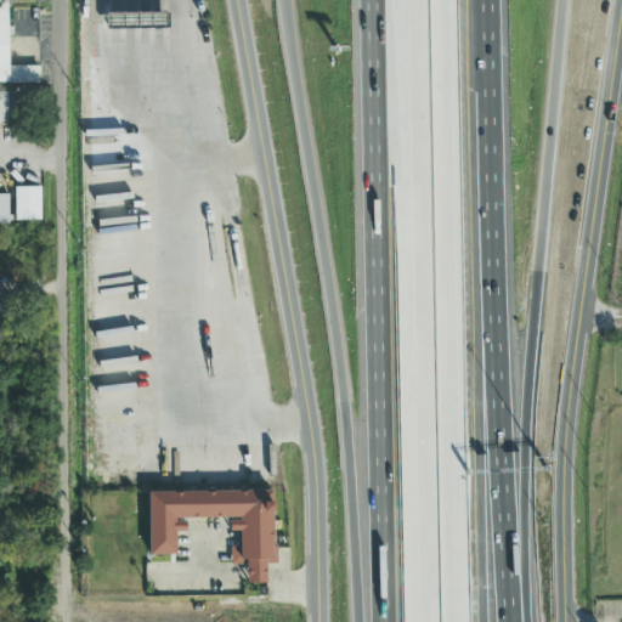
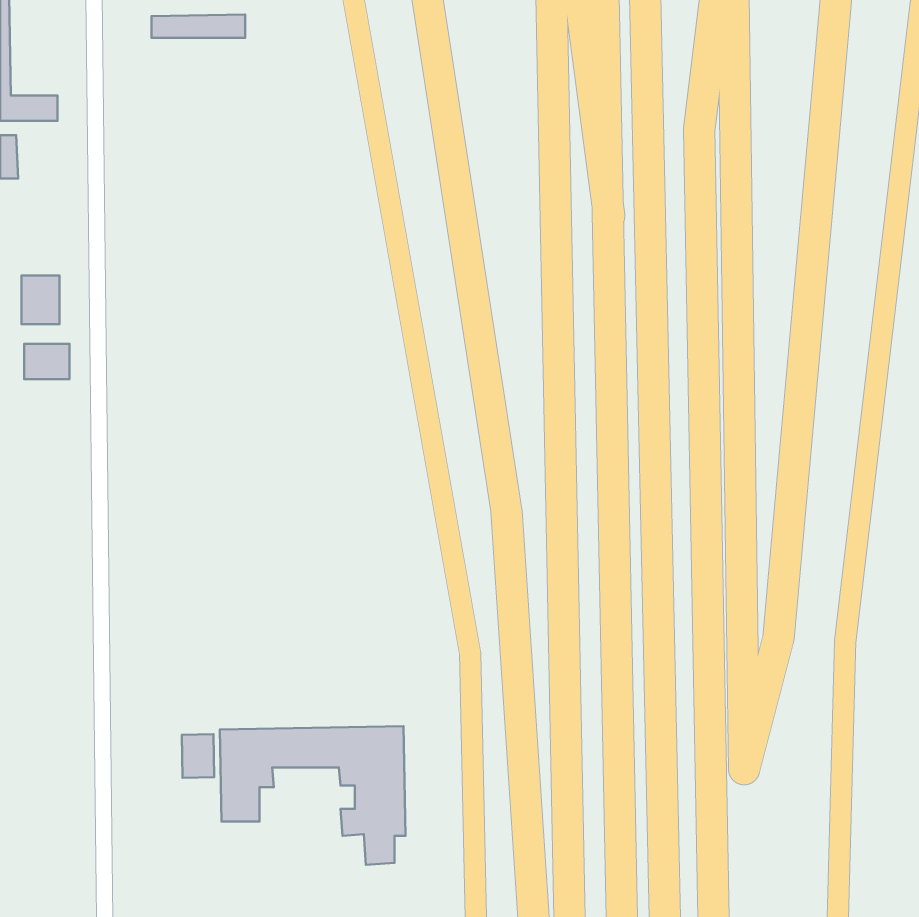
building: none -> [24,344,70,379]
building: none -> [182,734,214,778]

